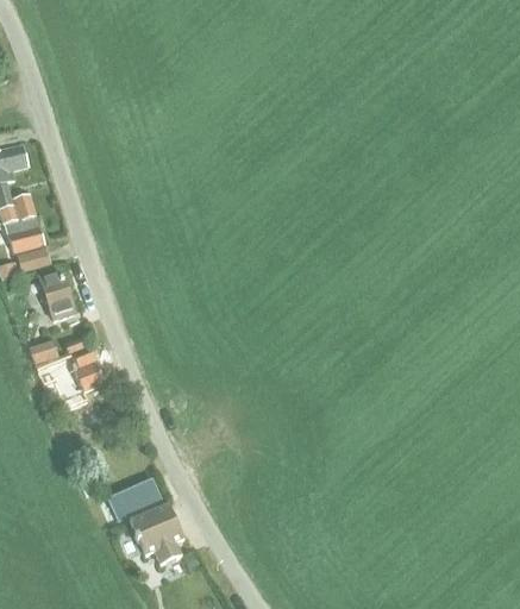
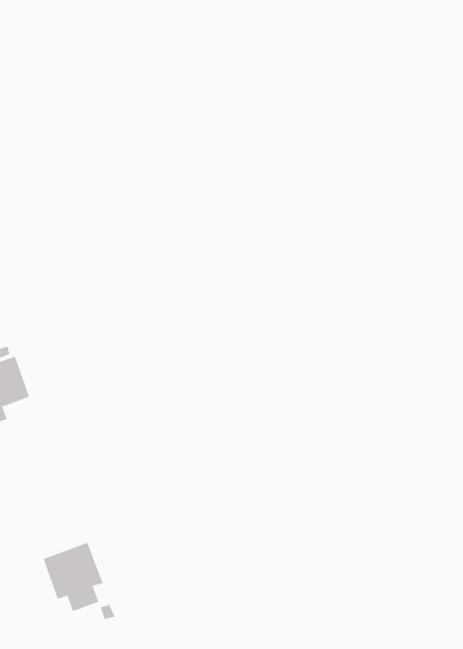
building: [106,477,163,523] -> none

